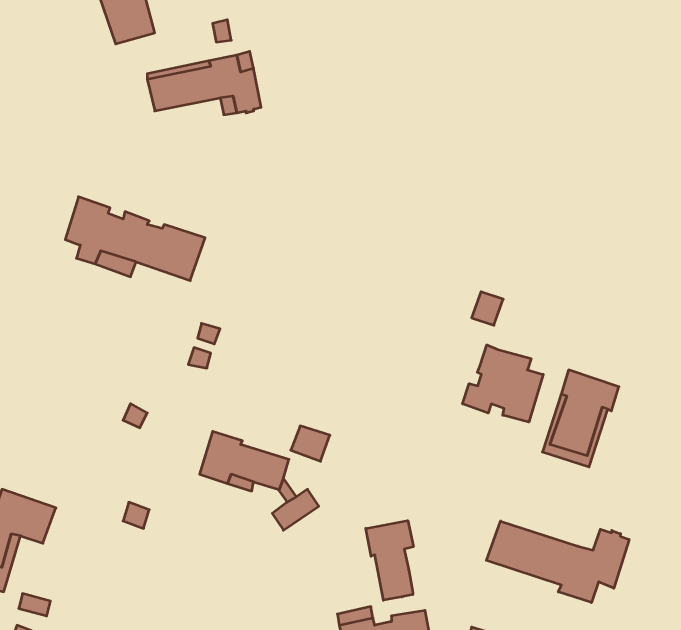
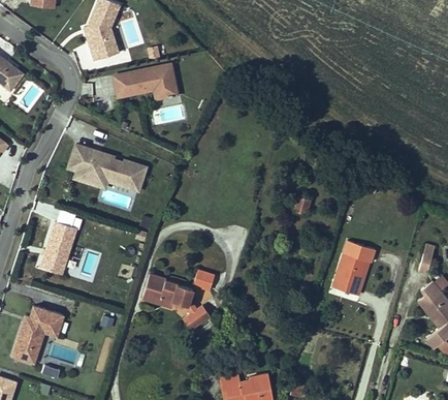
building: none -> [40,221,76,273]
building: [463,345,543,422] -> none
building: [366,521,413,600] -> none
building: [486,521,629,603] -> none

